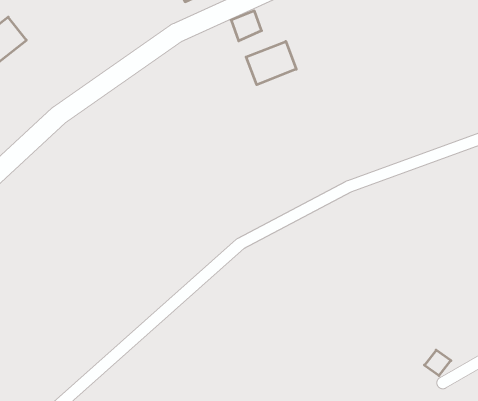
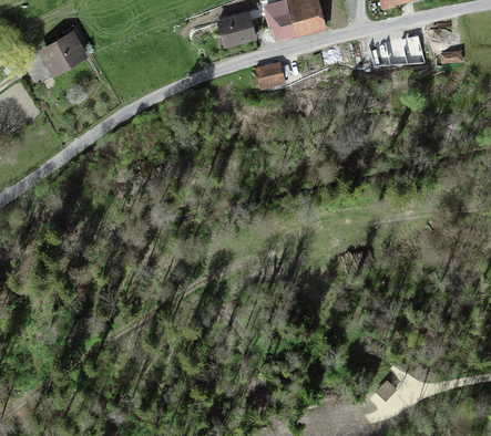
building: [246,41,296,85] -> none

